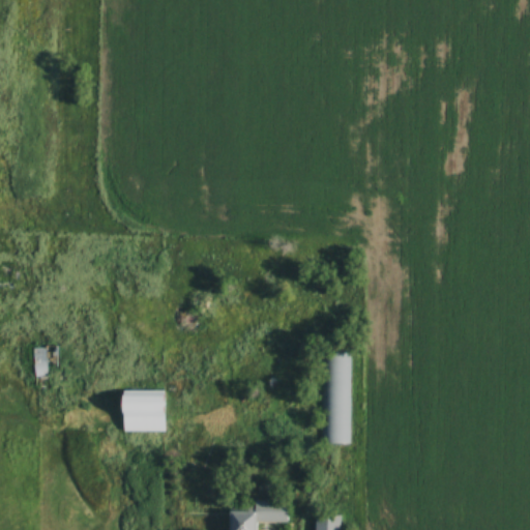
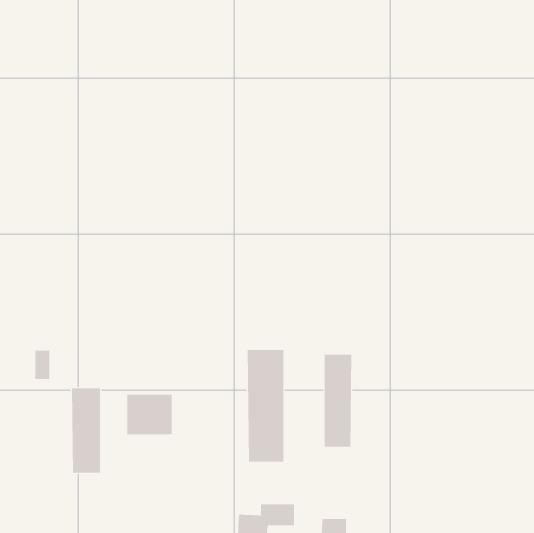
building: none -> [247,349,284,462]
building: none -> [71,387,100,474]

